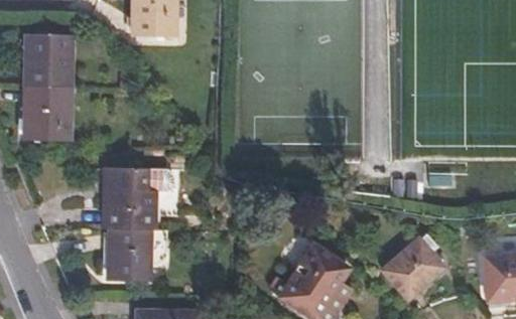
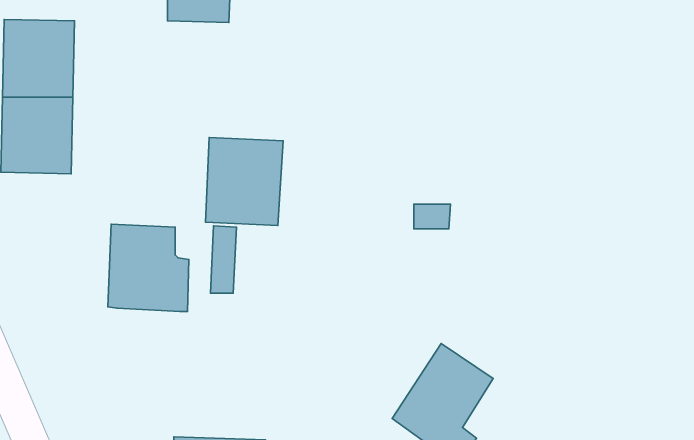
building: none -> [205,137,283,225]
building: [98,223,141,277] -> none
building: [384,240,447,300] -> none

